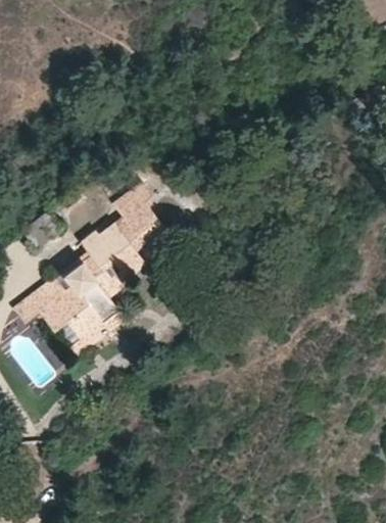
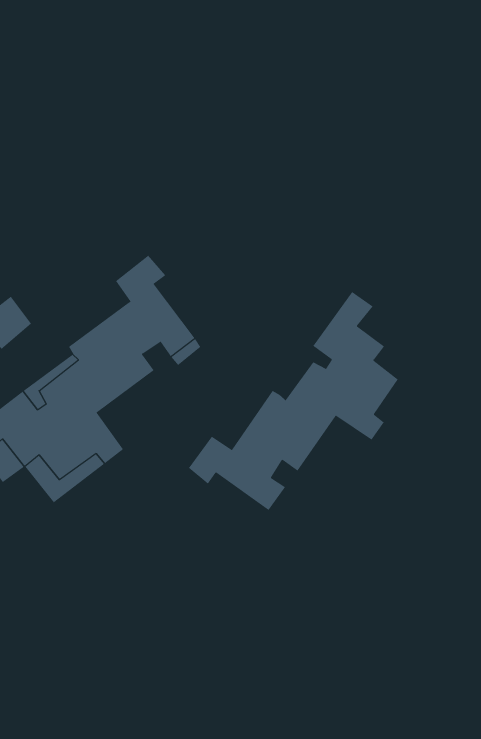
building: none -> [188,291,398,511]

